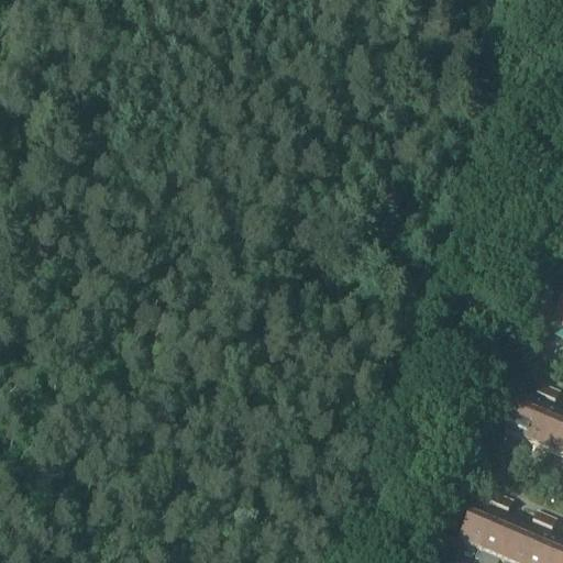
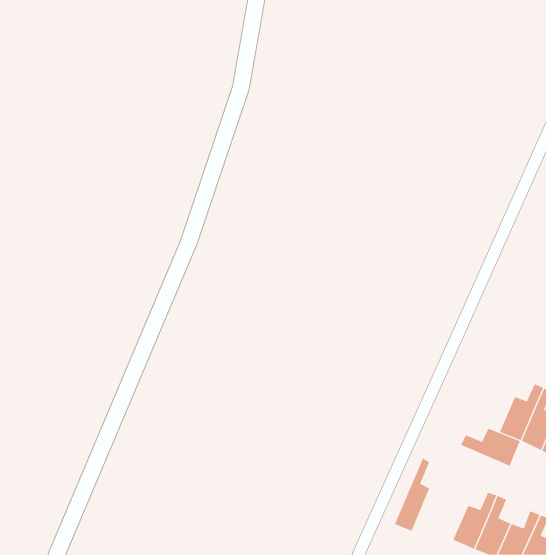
building: none -> [461,428,520,467]
building: none -> [394,458,430,531]

